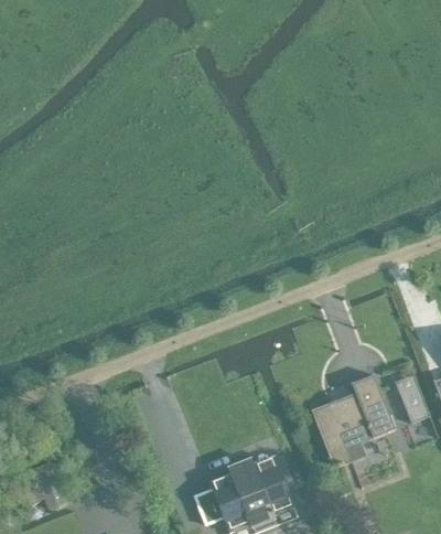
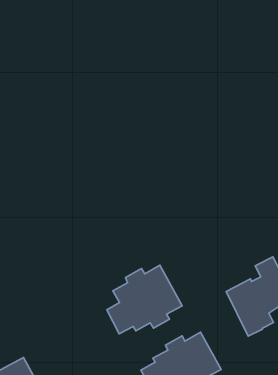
building: none -> [107,265,182,334]

